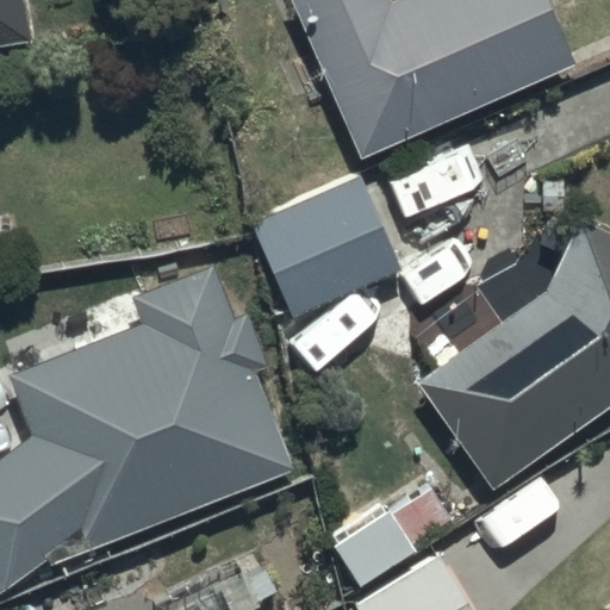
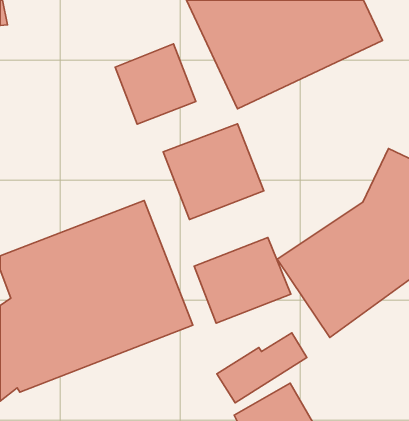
building: none -> [115,44,196,124]
building: none -> [194,238,291,323]

